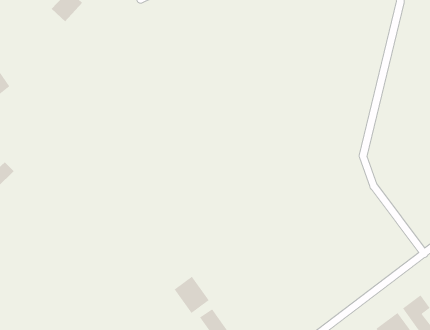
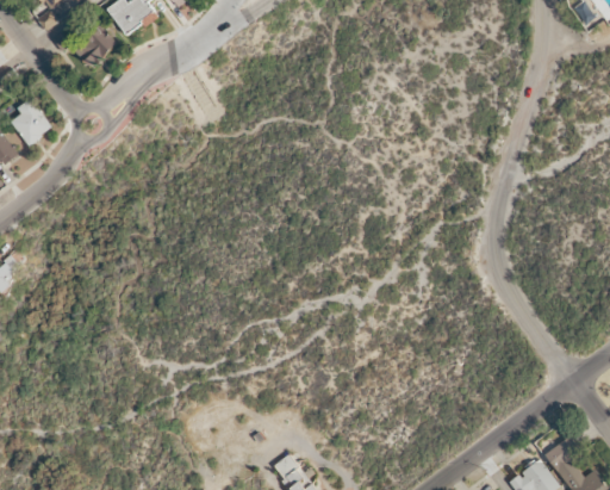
building: none -> [11,98,52,145]
building: [174,276,210,314] -> none

